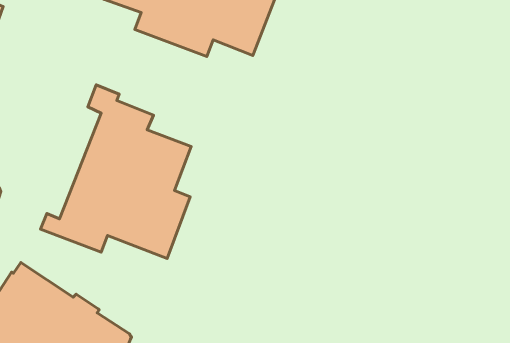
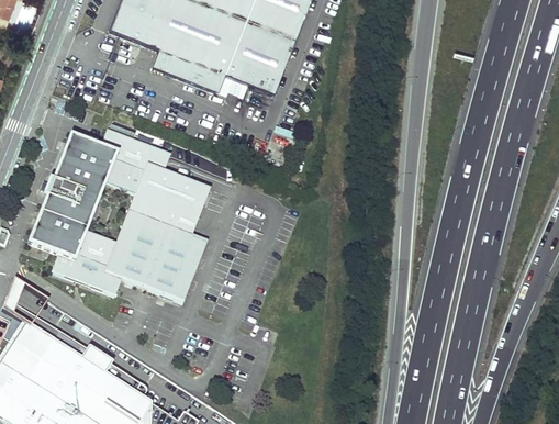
building: none -> [25,134,114,264]

